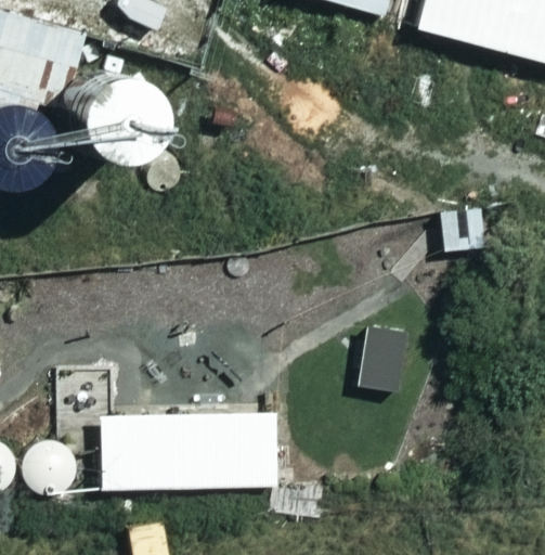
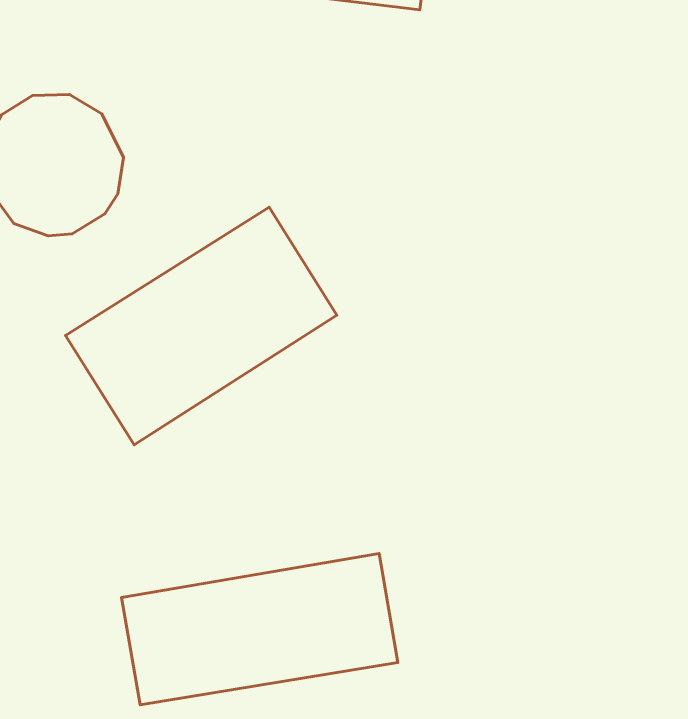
building: none -> [66,207,337,445]

